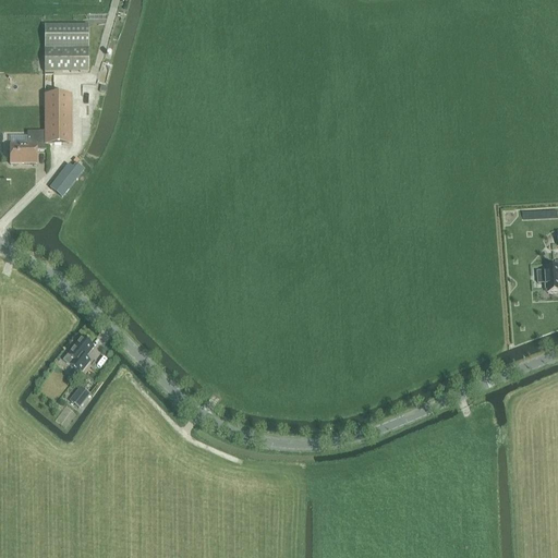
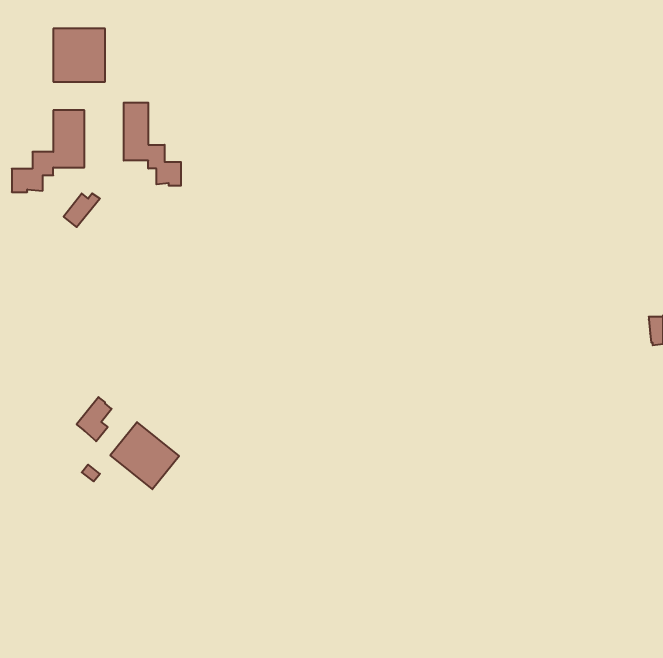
building: none -> [124,103,181,186]
building: none -> [110,422,179,489]

